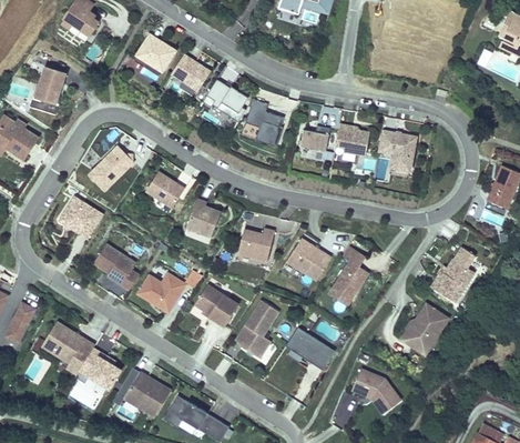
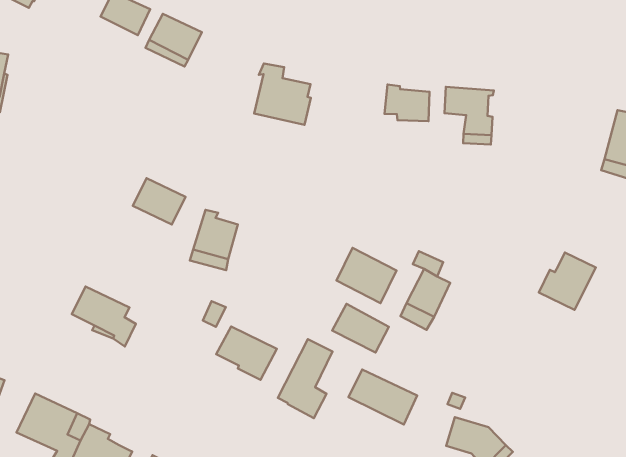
building: [202,78,248,120] -> none
building: [299,124,330,150] -> none
building: [88,144,133,190] -> none
building: [58,197,101,238] -> none
building: [237,229,274,260] -> none
building: [136,273,184,313] -> none
building: none -> [332,304,389,353]
building: [400,303,448,355] -> none

